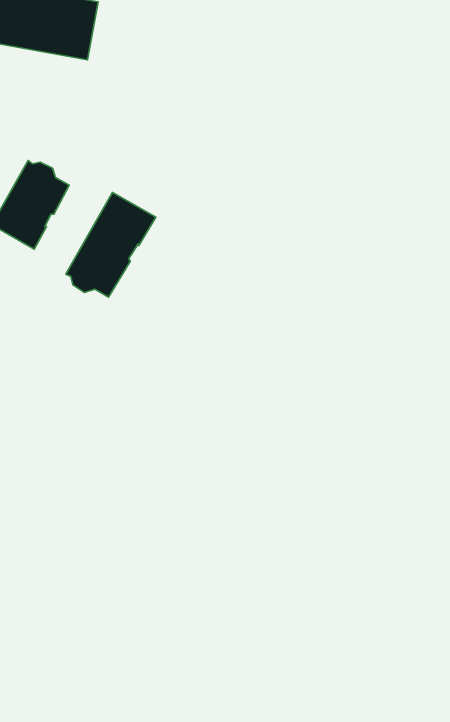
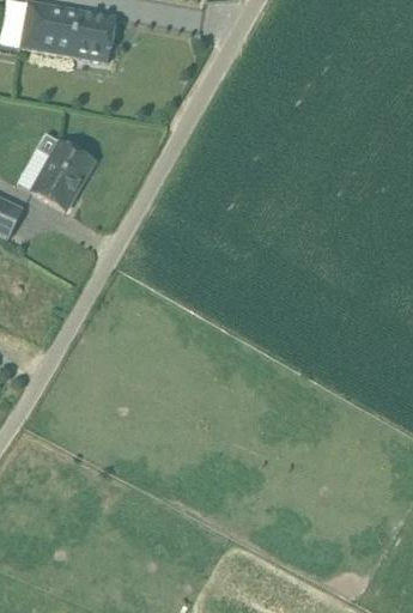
building: [66,192,156,297] -> none

